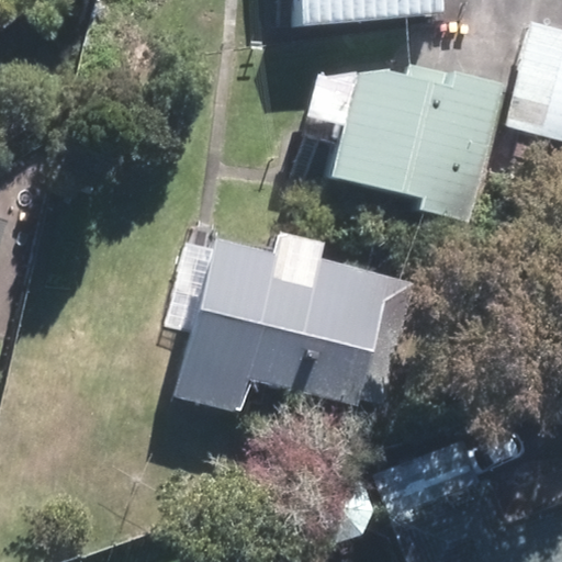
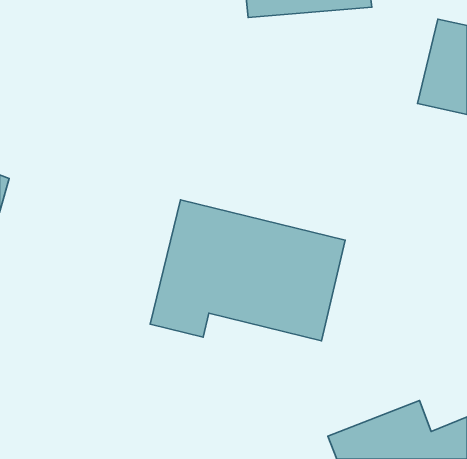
building: [321,50,499,215] -> none

